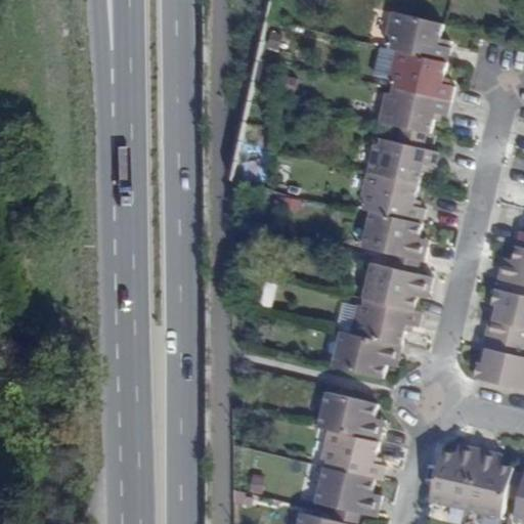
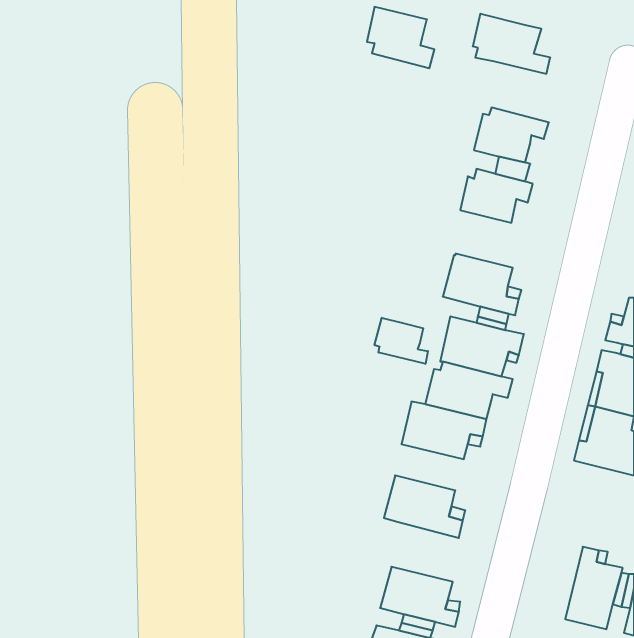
building: [398,51,453,101] -> [367,7,434,68]
building: [369,173,423,220] -> none
building: none -> [375,318,428,364]
building: [317,428,382,479] -> none
building: [427,444,477,508] -> none

